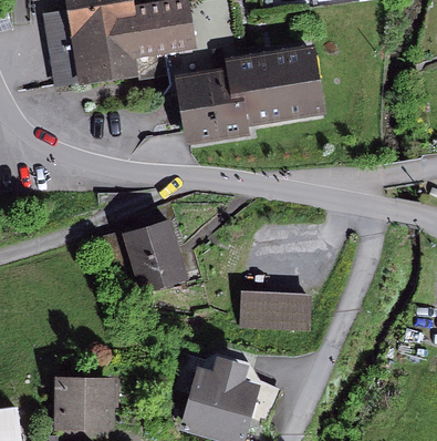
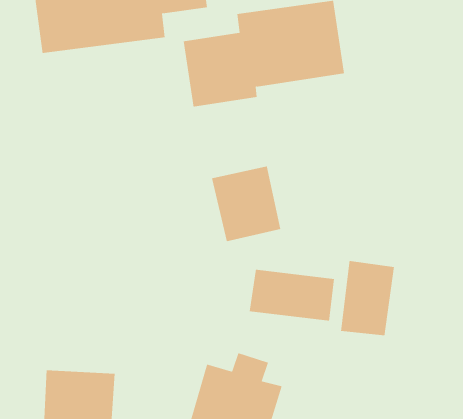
building: [123,224,185,291] -> [211,166,281,242]
building: none -> [340,260,394,336]

